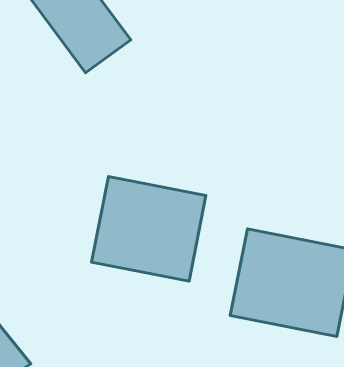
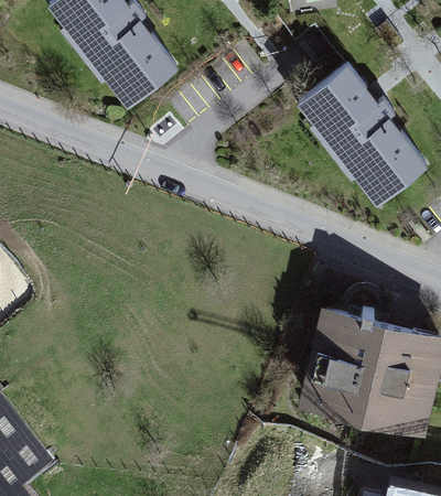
building: none -> [299,66,427,205]
building: [92,177,206,281] -> none

